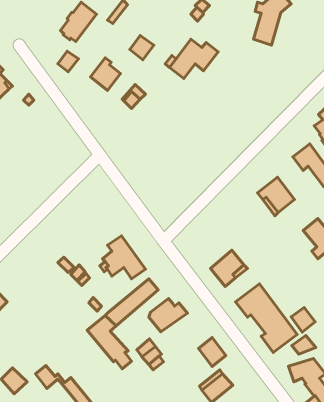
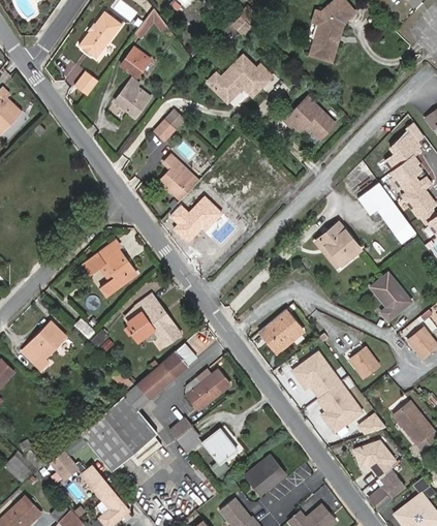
building: [130,36,154,60] -> [122,48,151,76]
building: none -> [284,96,335,137]
building: none -> [160,156,198,199]
building: none -> [169,194,222,245]
building: none -> [84,241,138,297]
building: none -> [22,320,66,369]
building: [291,307,315,332] -> [349,346,378,376]
building: none -> [82,406,143,468]
building: [198,337,226,367] -> [204,428,237,463]

